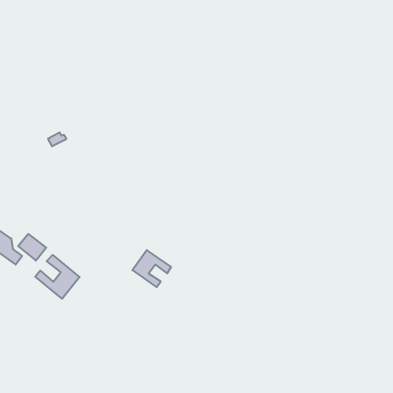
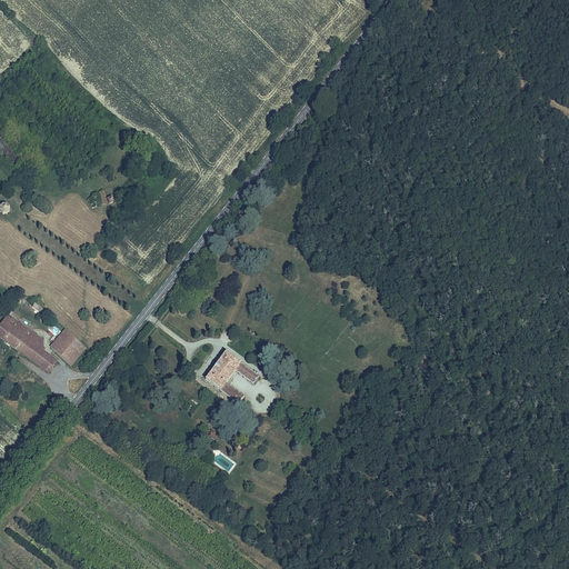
building: [35,255,80,299] -> none

